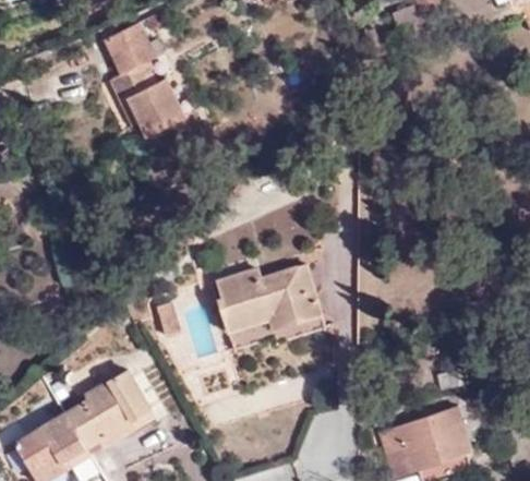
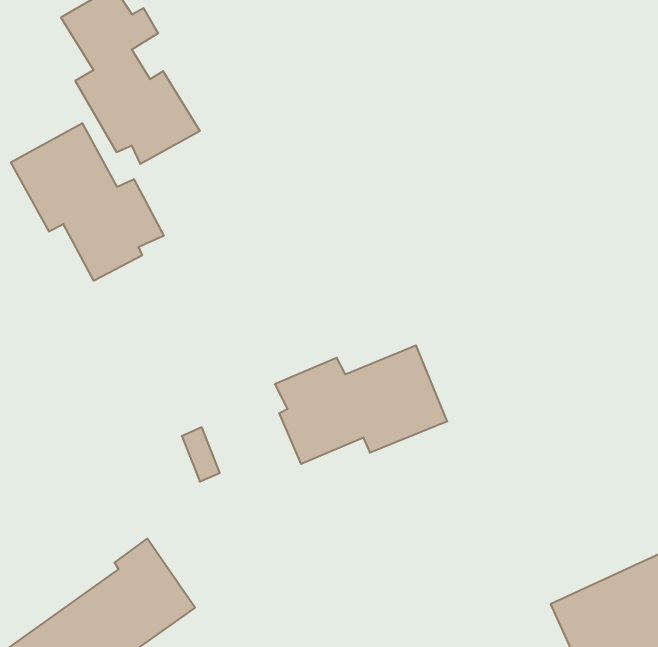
building: none -> [11,123,164,281]
building: [229,312,326,348] -> none

